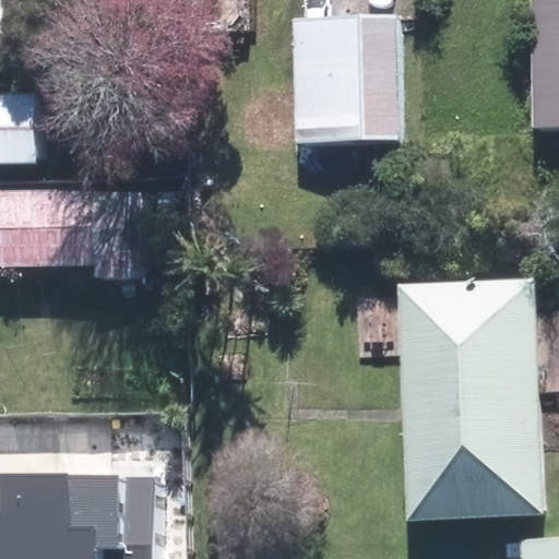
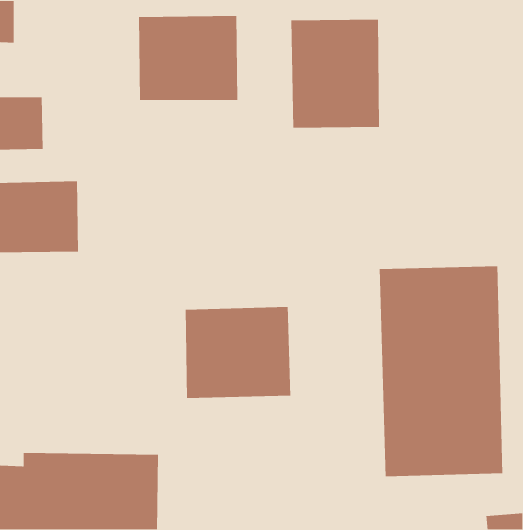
building: none -> [138,15,238,101]
building: none -> [185,306,291,399]

